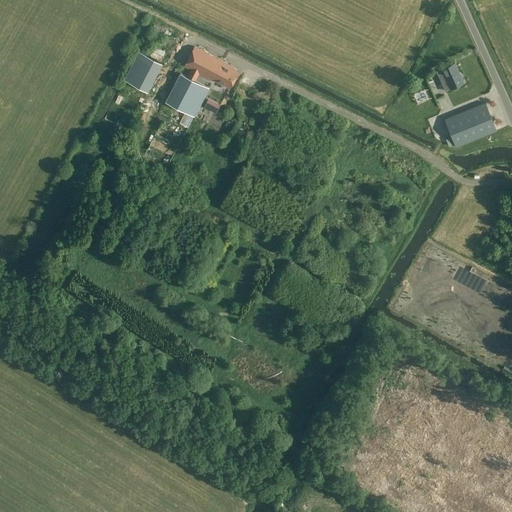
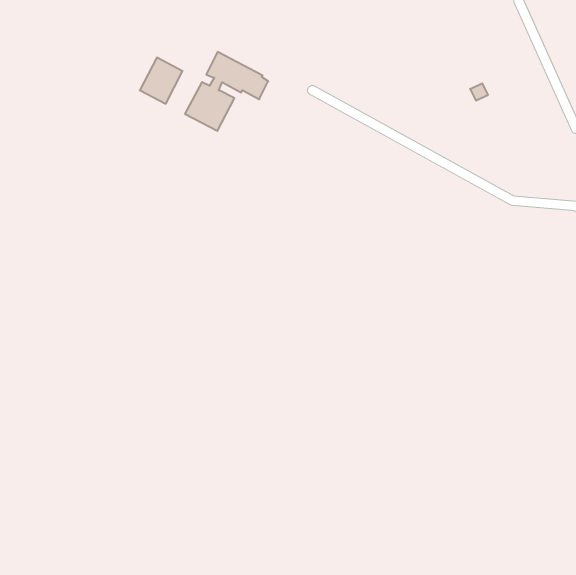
building: [439,64,464,92] -> none
building: [445,103,497,148] -> none

